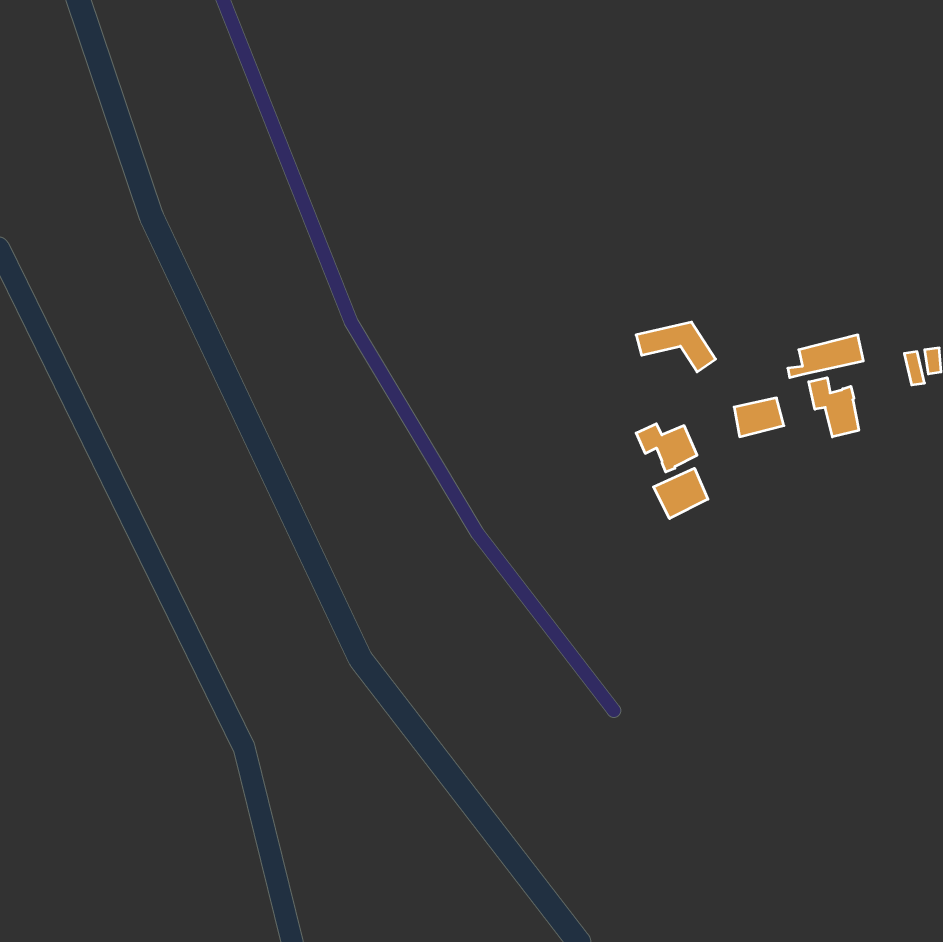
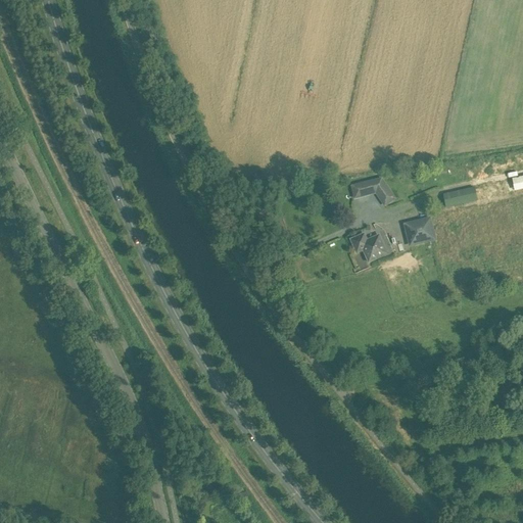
building: [809,378,859,437] -> none
building: [653,468,708,519] -> none

